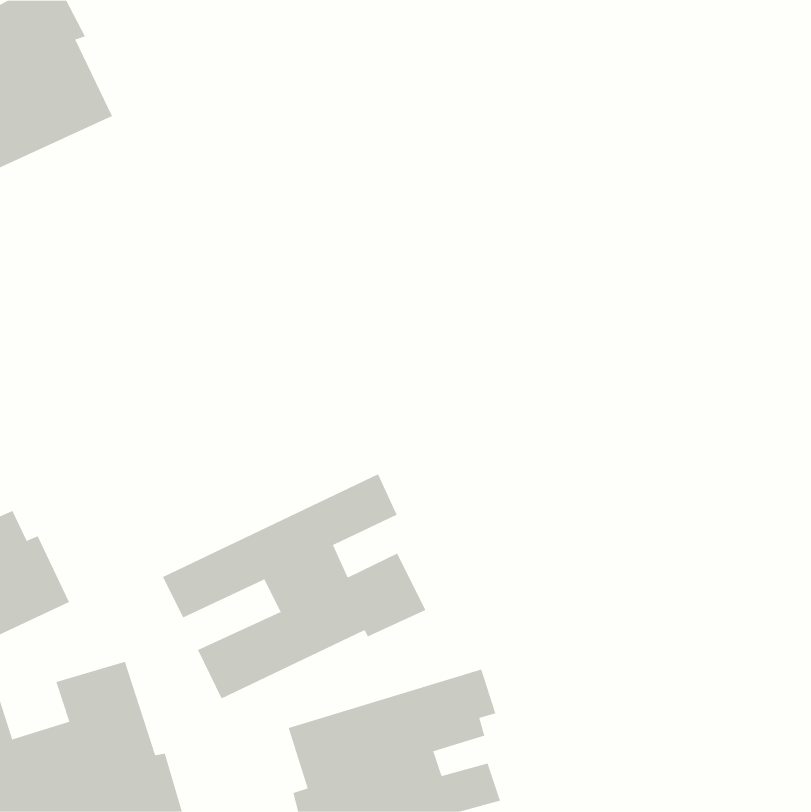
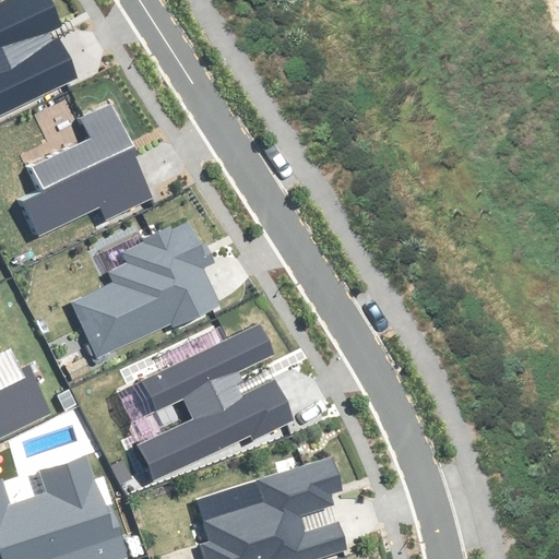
building: none -> [23,106,154,236]
building: none -> [71,222,218,356]

